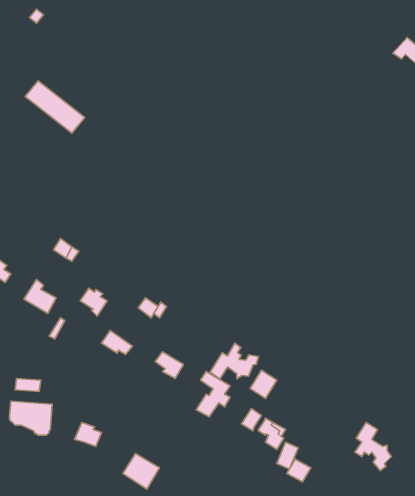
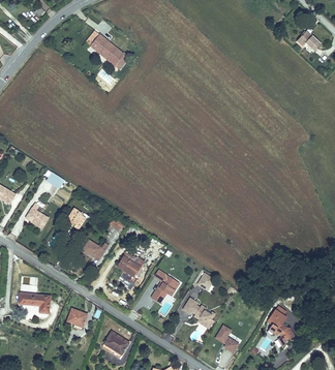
building: [25,81,85,133] -> [90,32,133,70]
building: [210,343,259,379] -> none

